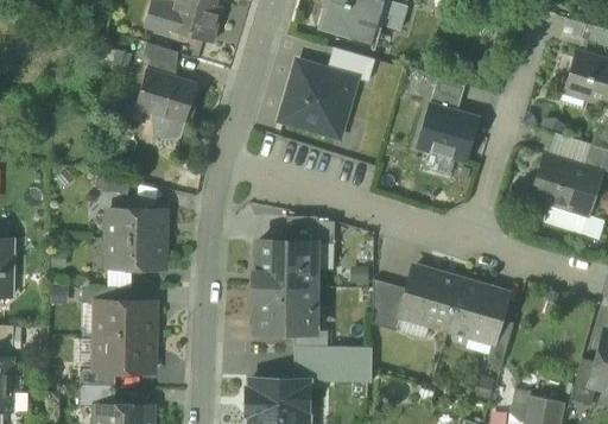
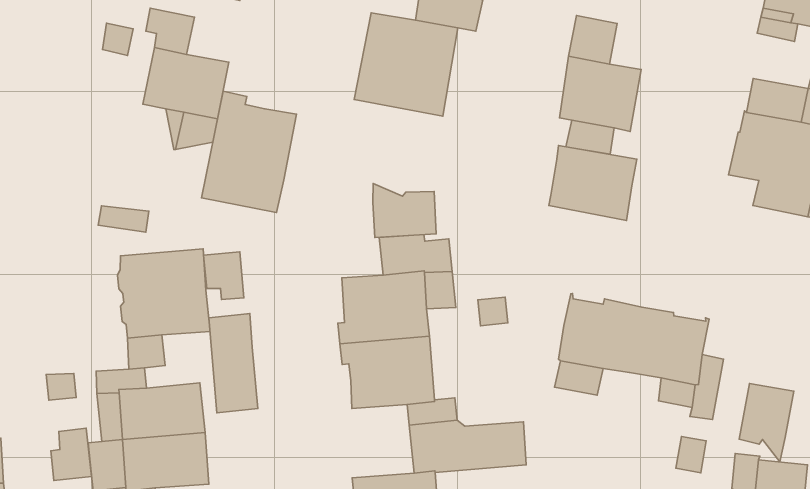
building: none -> [201,91,297,213]
building: none -> [549,145,637,220]
building: none -> [373,184,436,237]
building: none -> [204,252,244,300]
building: none -> [209,314,258,413]
building: [373,278,407,330] -> none
building: none -> [51,428,92,481]
building: none -> [739,383,794,462]

